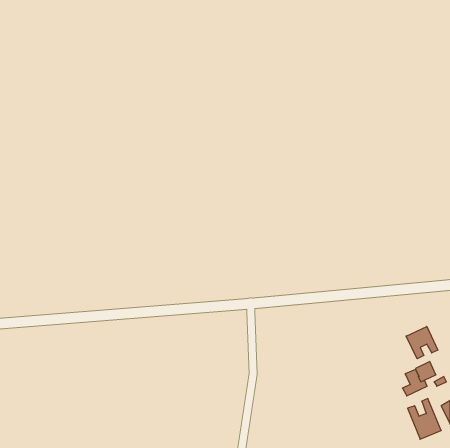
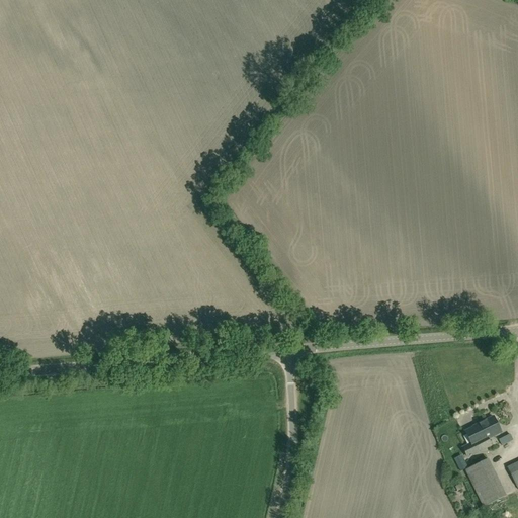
building: [406,326,438,359] -> none

